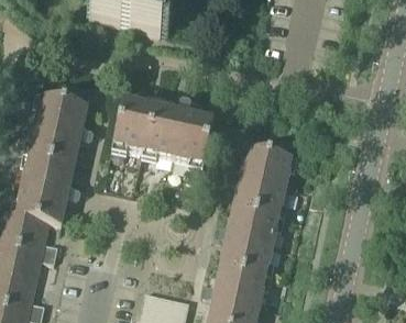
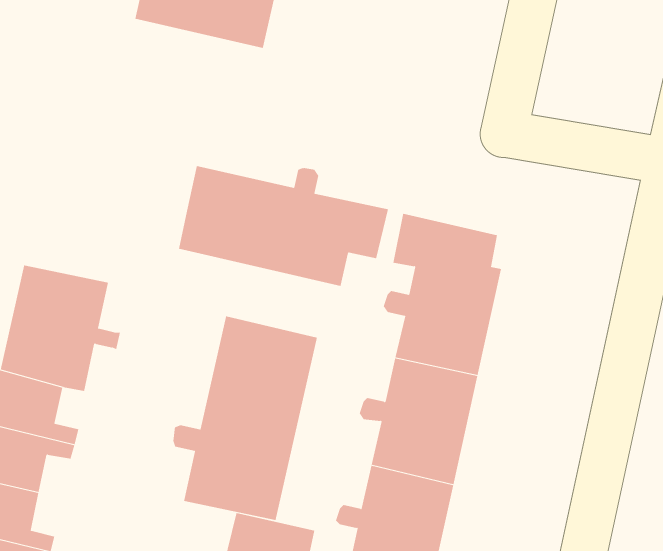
building: [28,81,94,165] -> none
building: none -> [173,316,317,521]

